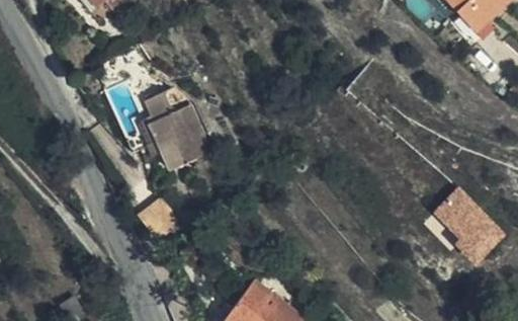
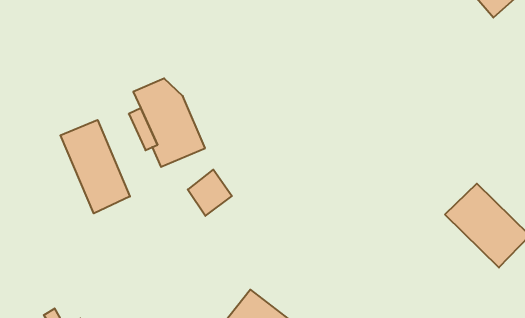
building: none -> [60,120,130,213]
building: [139,195,179,238] -> [188,170,232,216]

